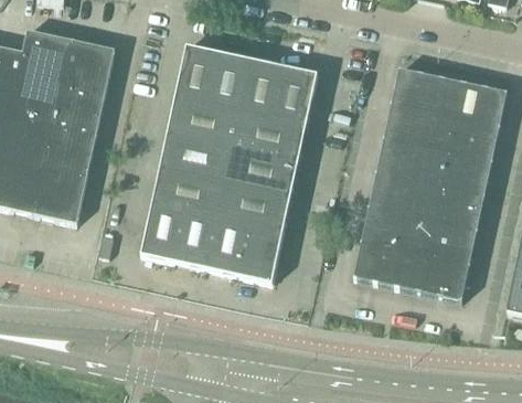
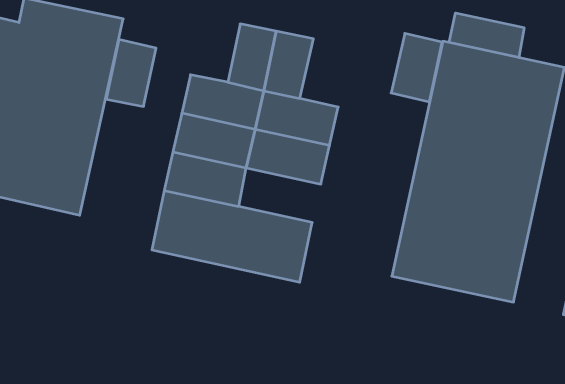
building: none -> [449,13,524,58]
building: [174,44,219,104] -> [106,39,156,106]
building: [271,65,317,126] -> [391,33,442,102]
building: [217,180,290,229] -> none

